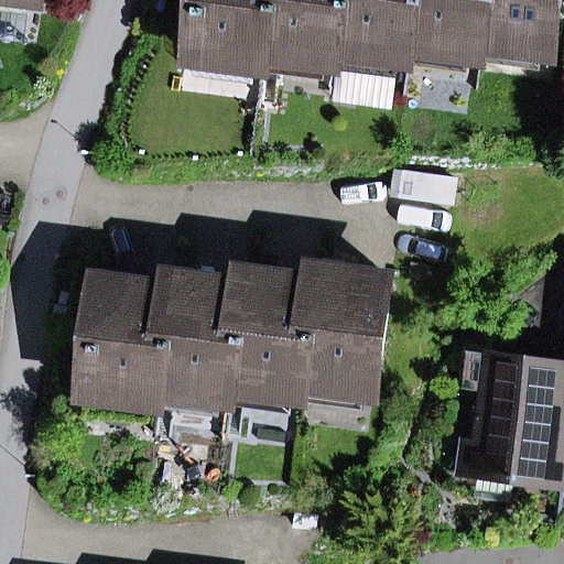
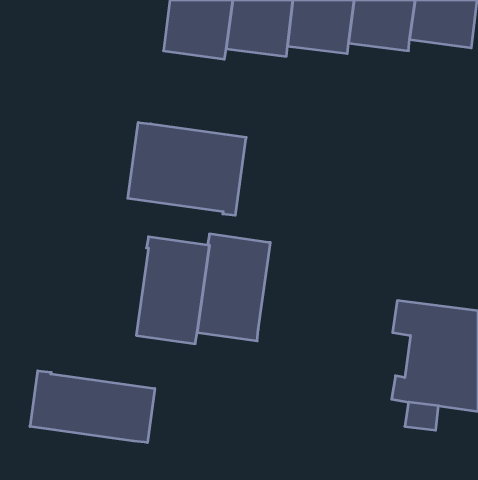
building: none -> [128,122,246,215]
building: [303,271,391,397] -> none
building: [86,282,174,406] -> none
building: none -> [30,371,155,443]

